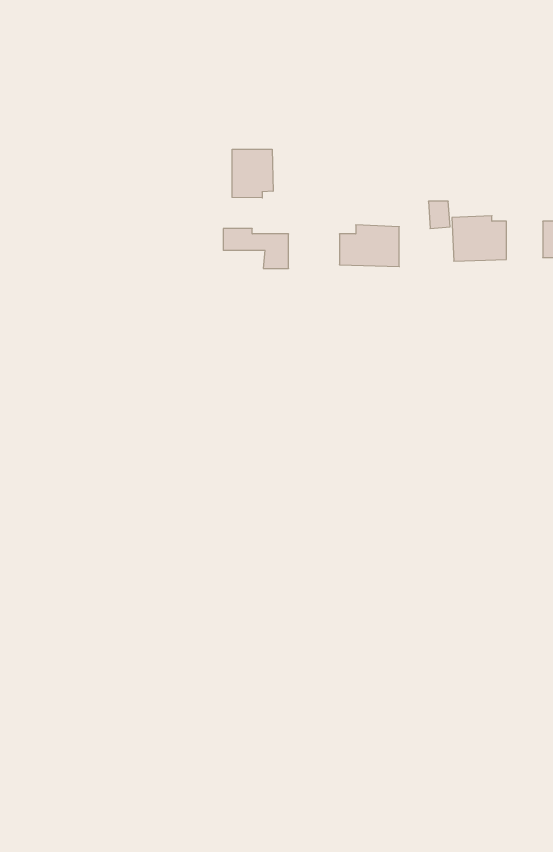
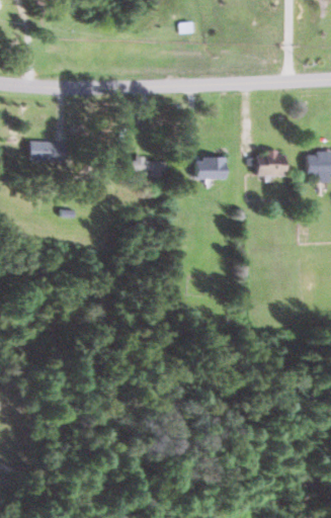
building: [232,149,273,198] -> none
building: none -> [29,141,67,163]

